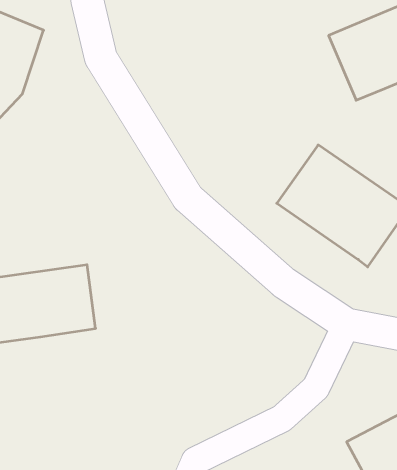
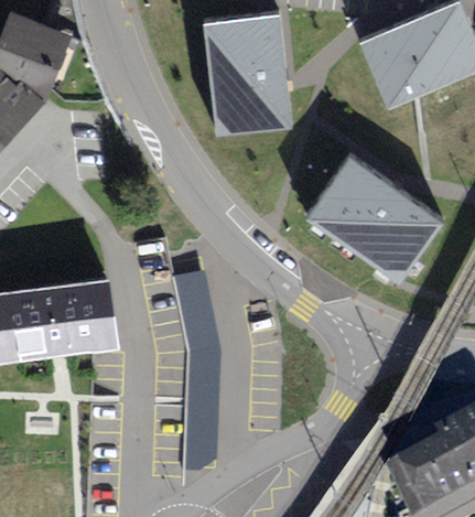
building: none -> [203,12,291,136]
building: none -> [172,269,223,473]

